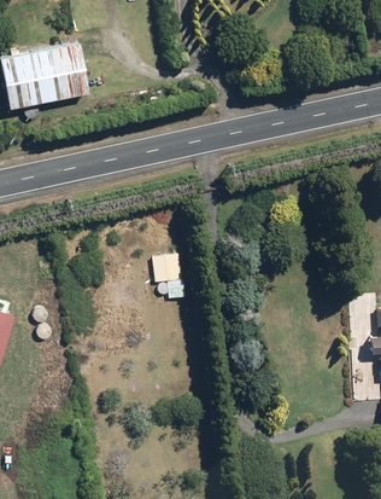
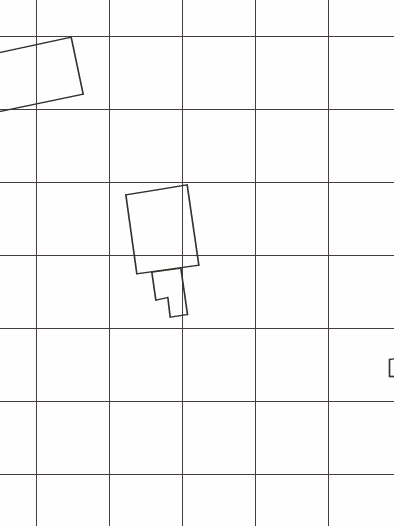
building: none -> [126,185,199,274]

